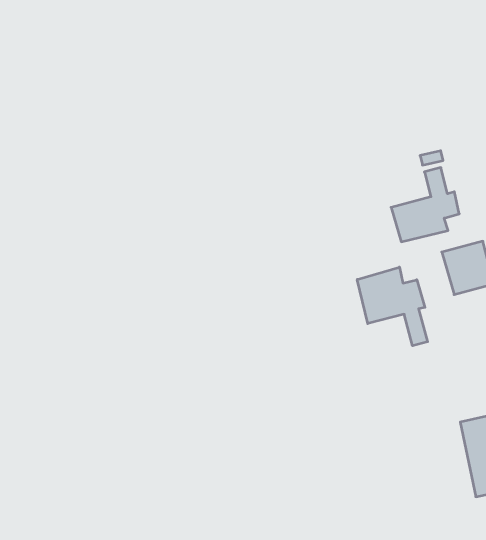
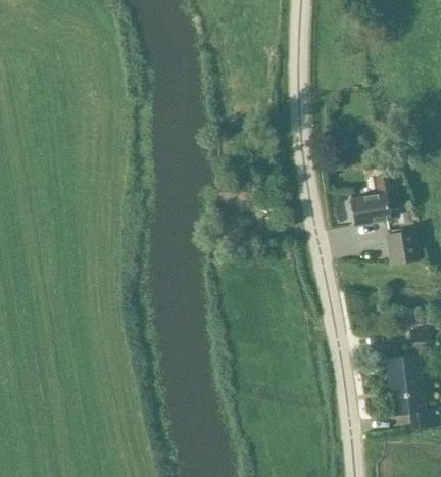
building: [357,267,428,346] -> none

